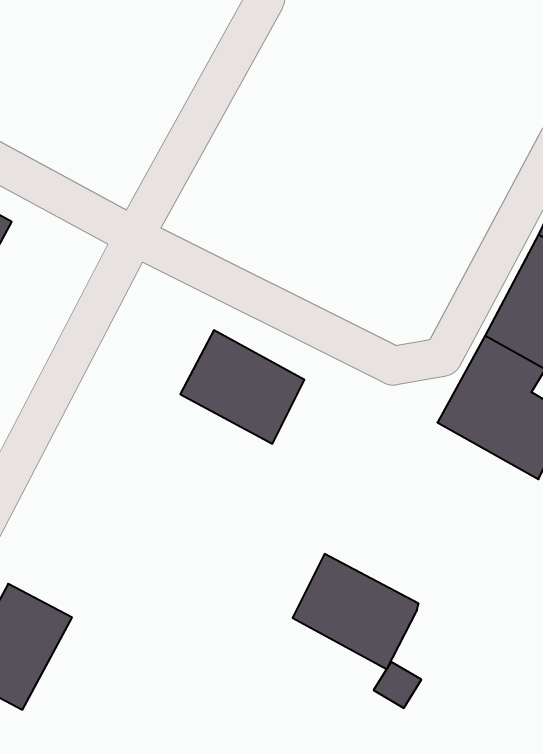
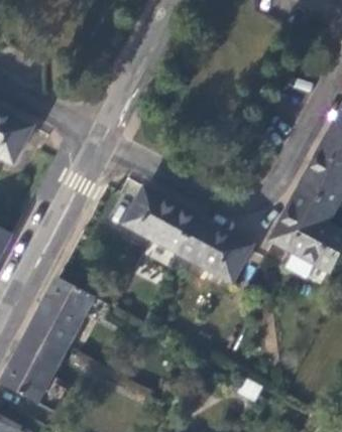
building: none -> [27,279,93,352]
building: [293,554,419,669] -> [178,218,249,283]

